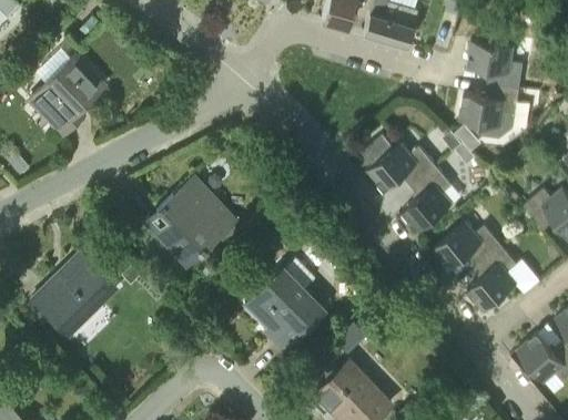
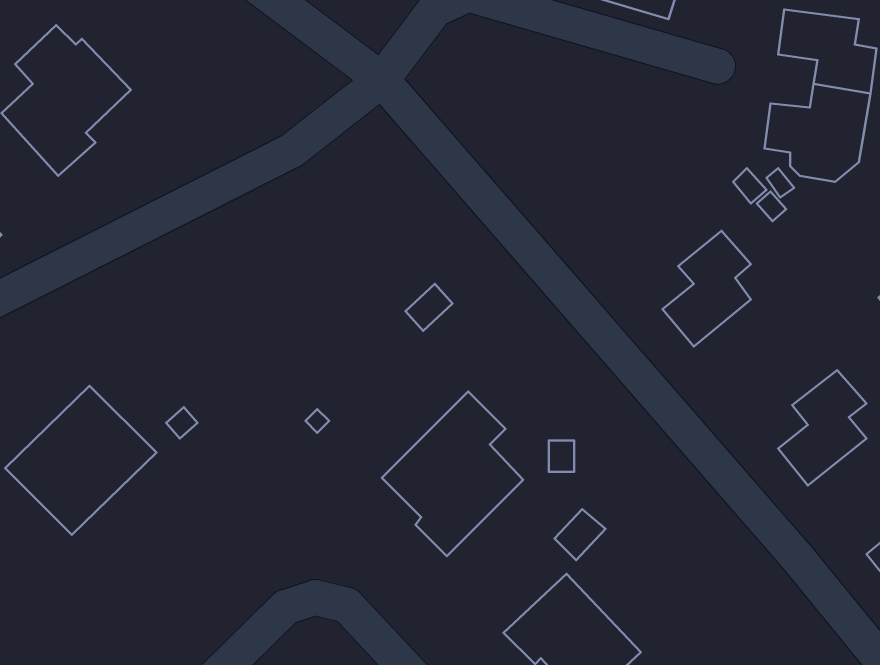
building: [361,137,436,191] -> none
building: [143,177,234,268] -> none
building: [434,223,501,269] -> none

